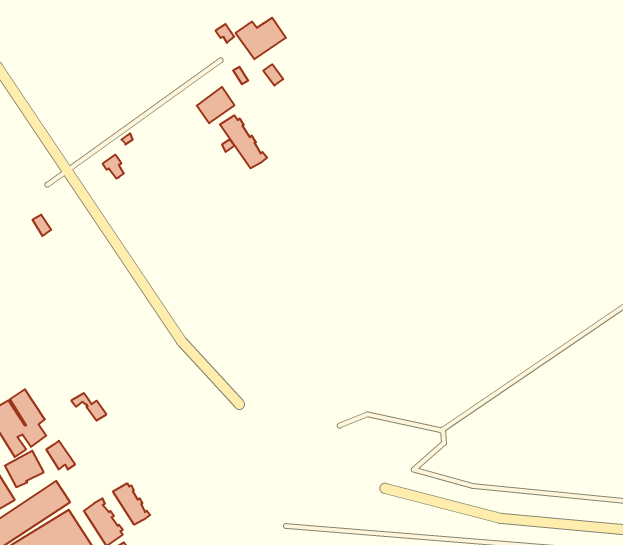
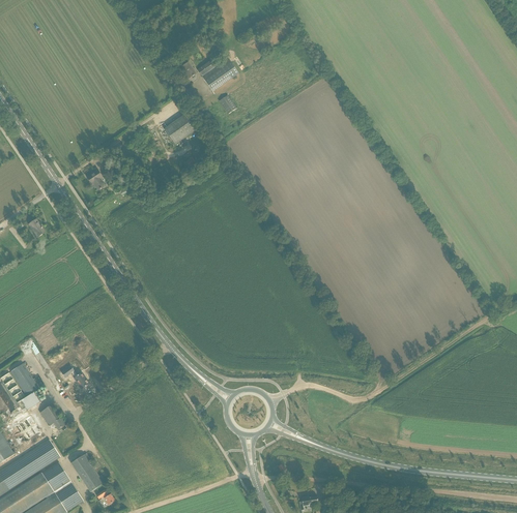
building: [220,115,267,168] -> none
building: [113,483,150,525] -> none

